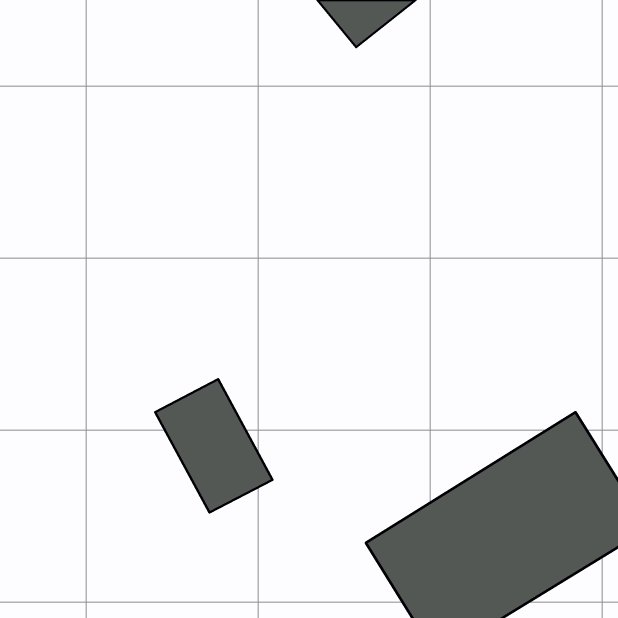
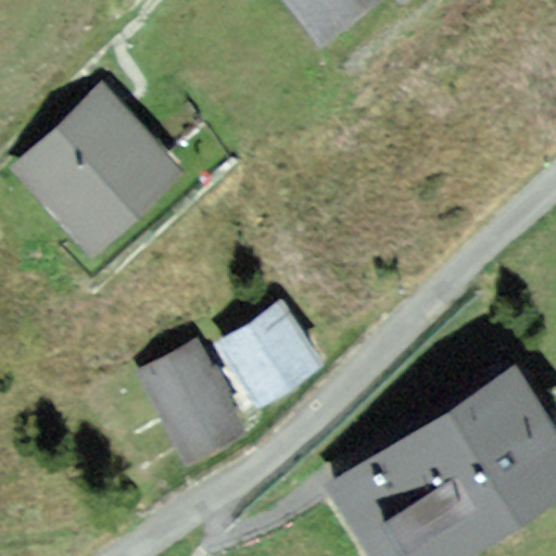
building: none -> [14,83,186,253]
building: none -> [216,302,324,407]

